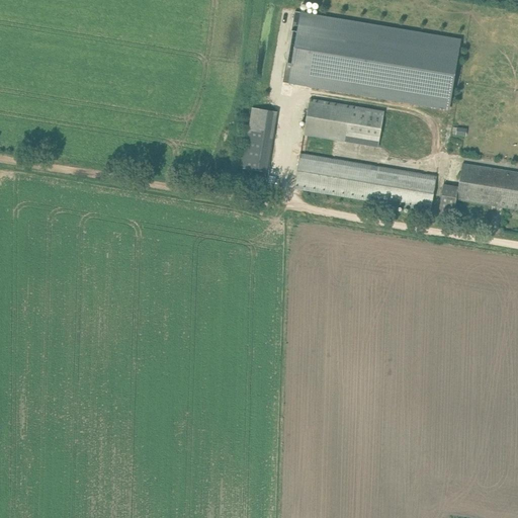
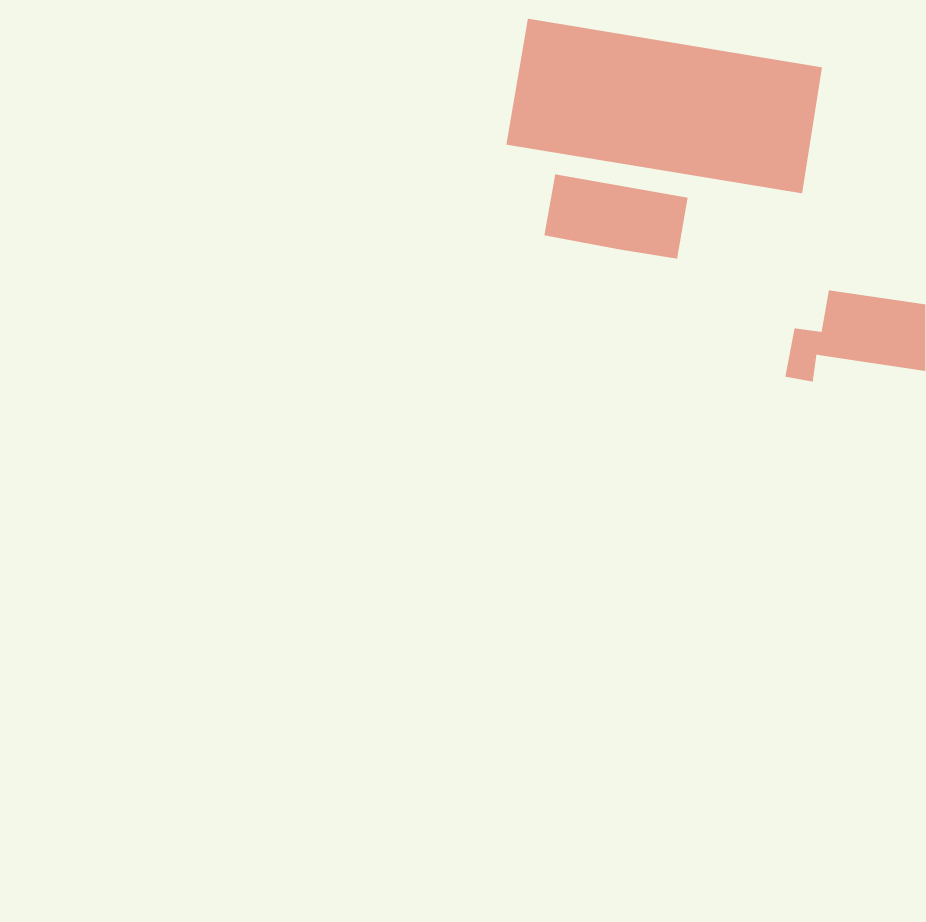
building: [242,106,277,171] -> none
building: [294,152,437,209] -> none

